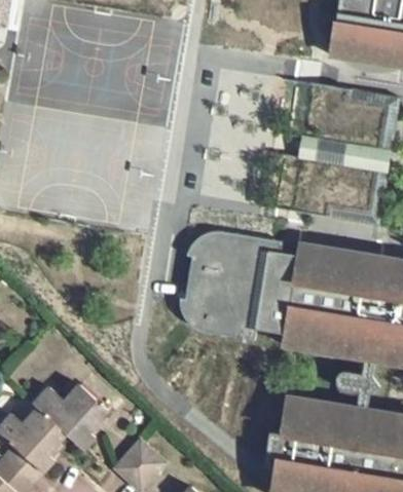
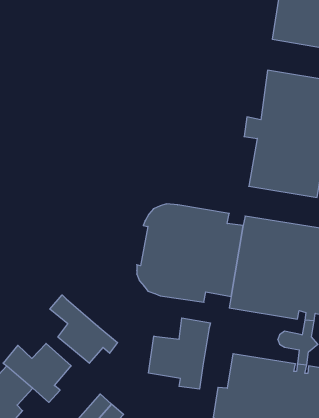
building: none -> [50,295,118,363]
building: none -> [149,318,210,389]

